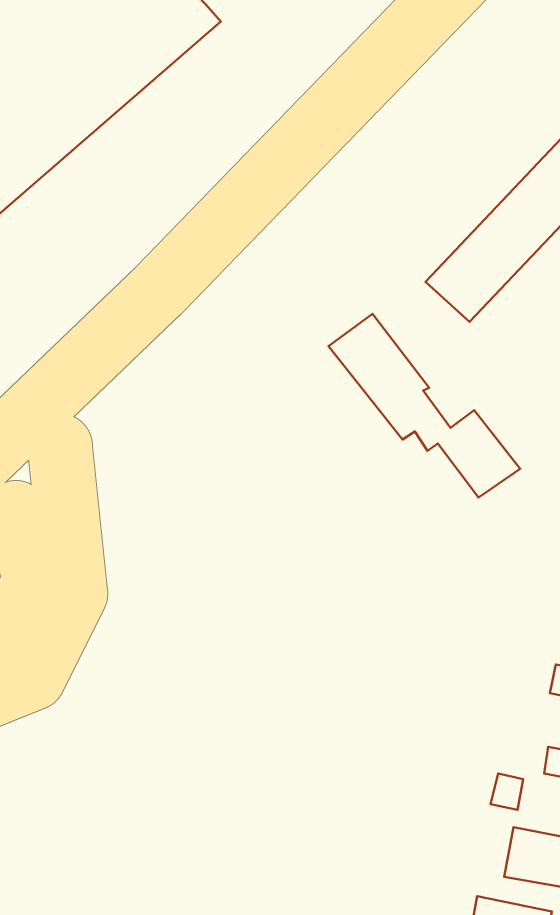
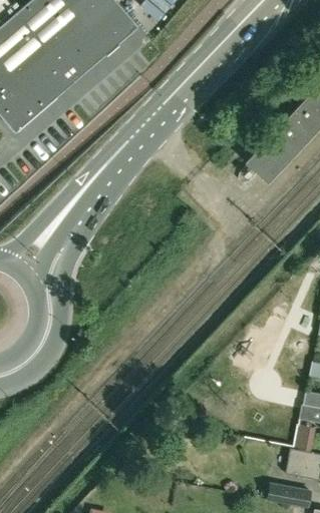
building: [328,314,520,497] -> none

